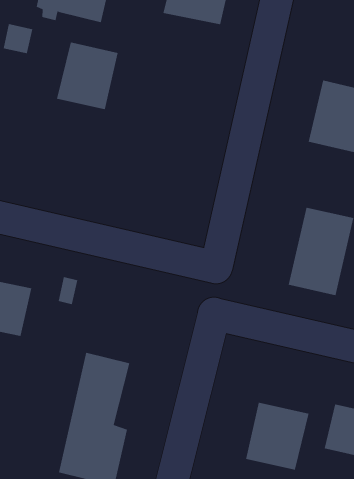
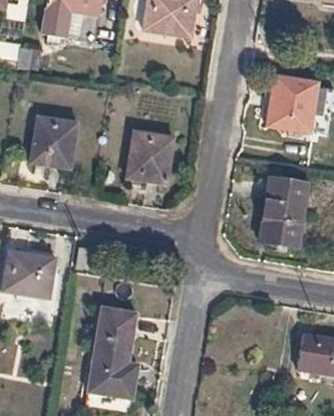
building: [56,42,118,110] -> [30,116,77,168]
building: none -> [127,130,175,183]
building: [245,402,309,471] -> none

